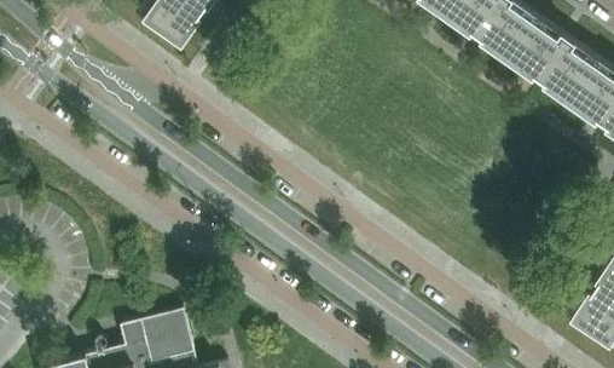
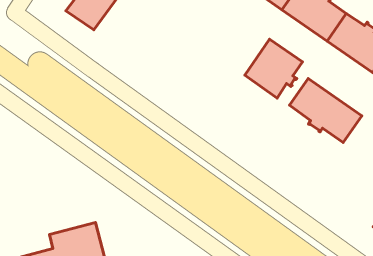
building: none -> [245,39,303,98]
building: none -> [289,79,362,143]

